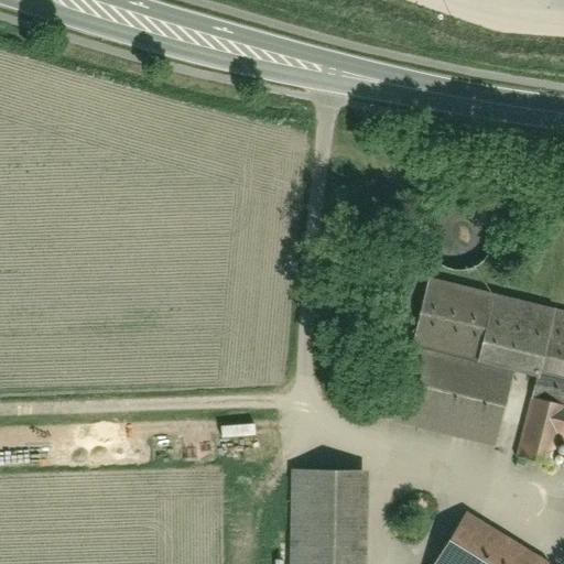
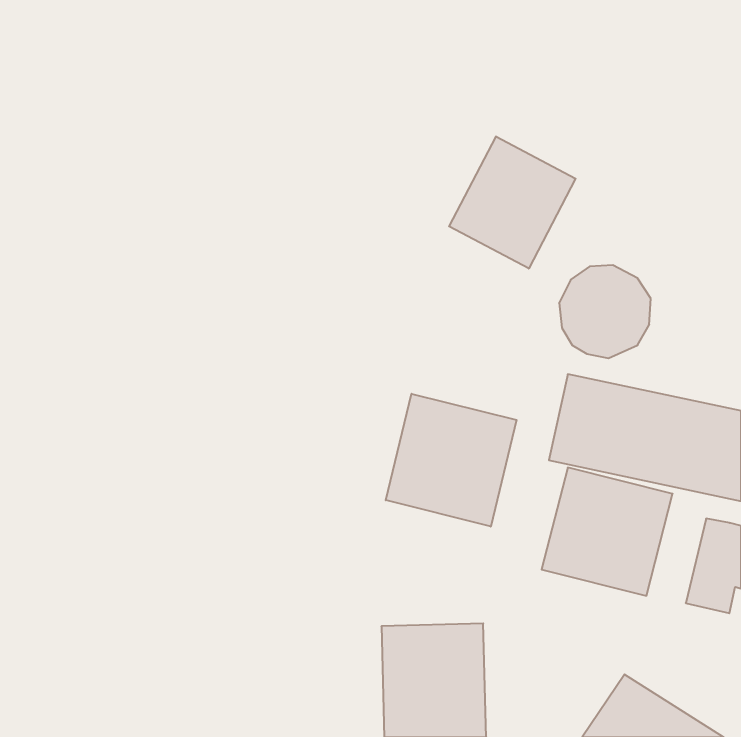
building: none -> [449,136,576,269]
building: none -> [386,394,517,527]

